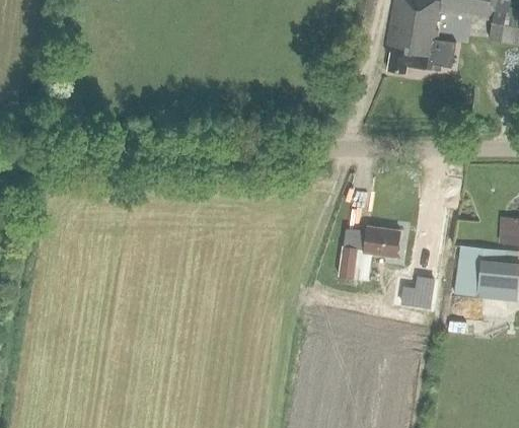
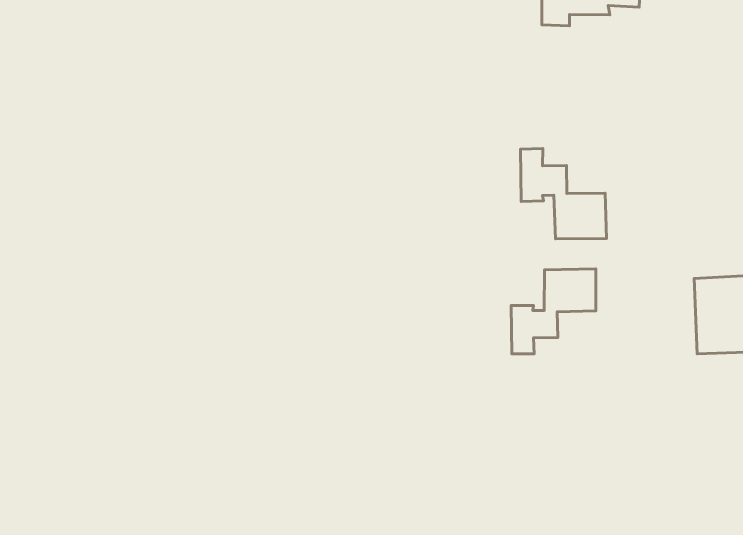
building: none -> [520,149,607,239]
building: [400,276,433,306] -> none

